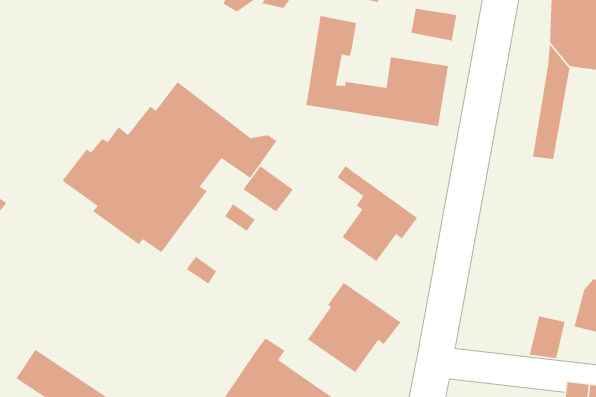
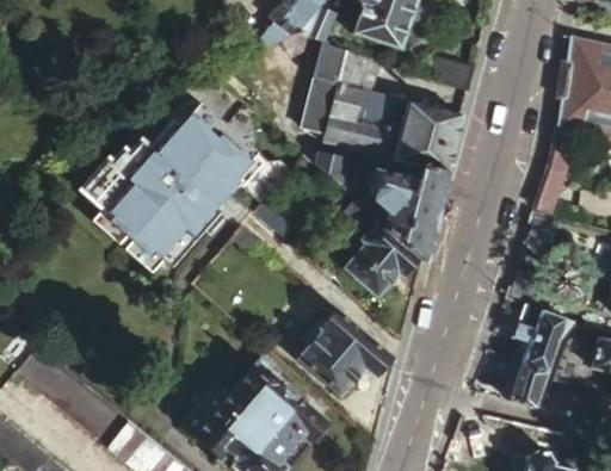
building: none -> [300,48,345,132]
building: none -> [354,92,408,130]
building: none -> [315,153,448,262]
building: none -> [518,305,576,371]

